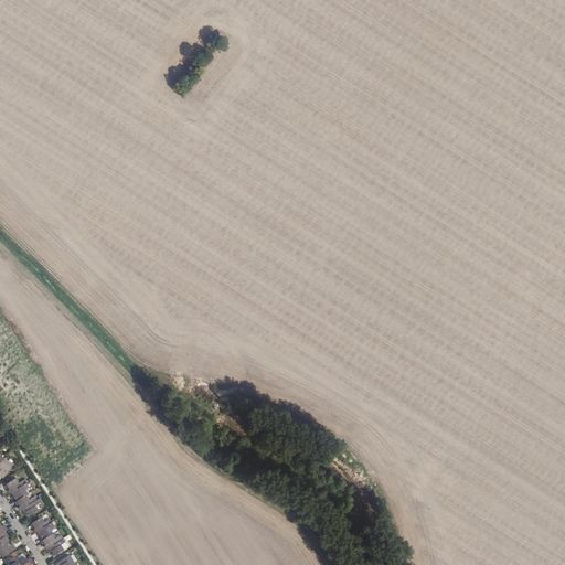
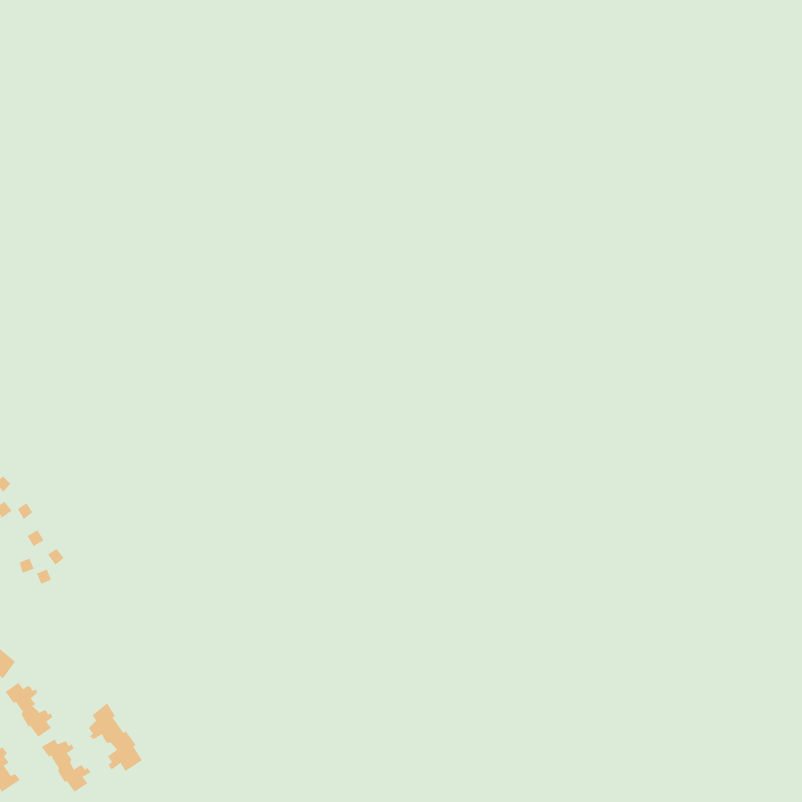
building: none -> [88,703,143,772]

